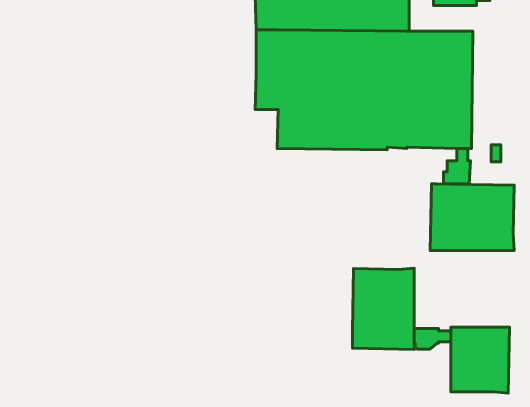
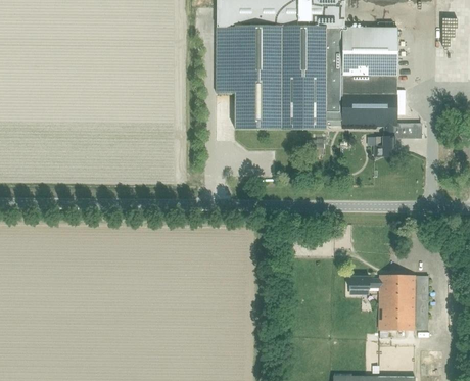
building: [430,184,514,251] -> none
building: [352,268,414,350] -> none

